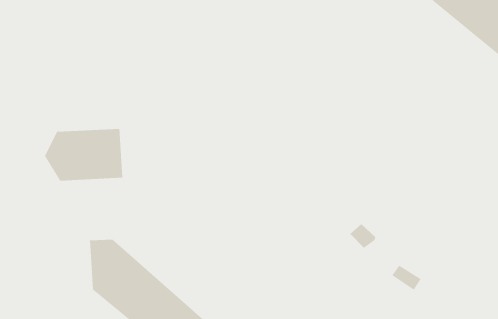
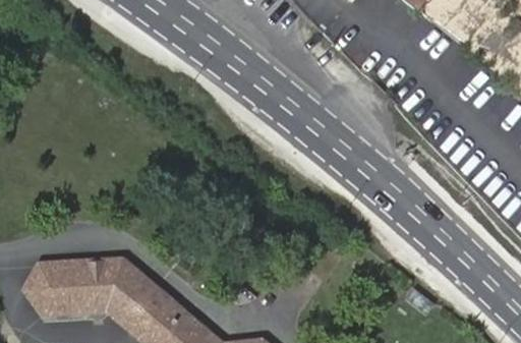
building: [44,129,123,181] -> [25,259,104,310]

